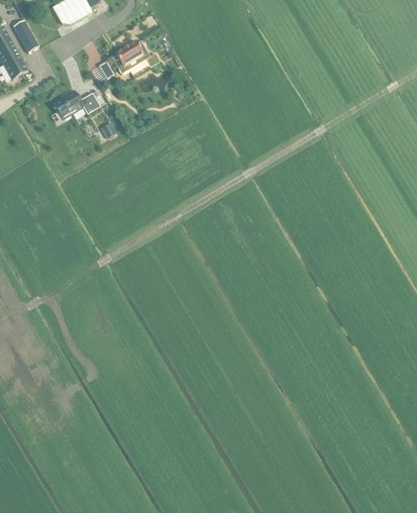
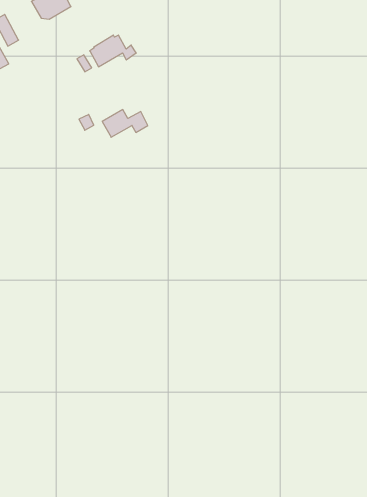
building: [51,90,98,118] -> [102,110,148,137]

